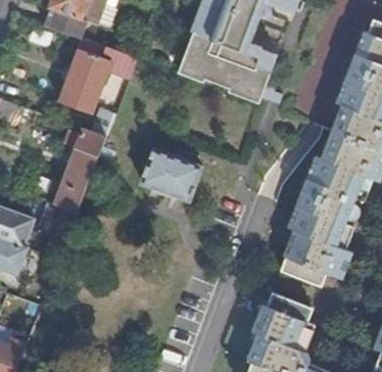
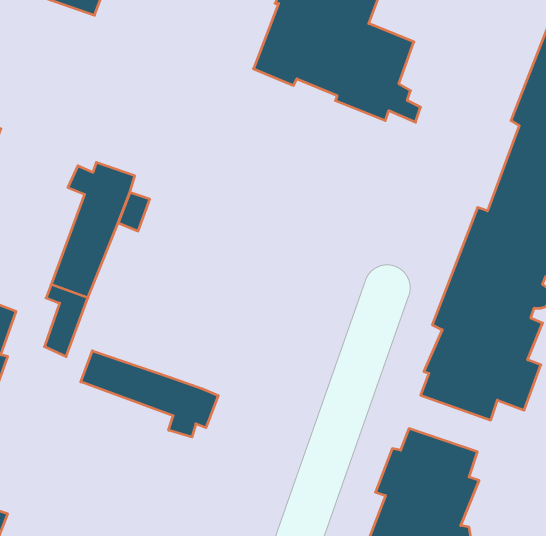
building: [58,41,134,113] -> none
building: [140,148,201,200] -> none
building: none -> [81,351,218,437]

